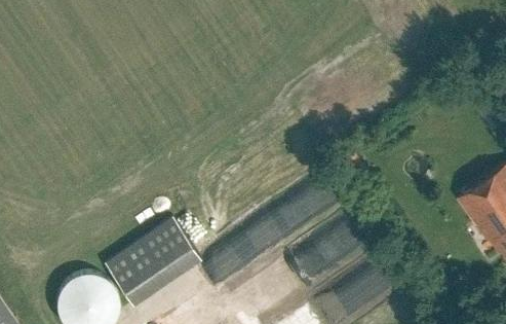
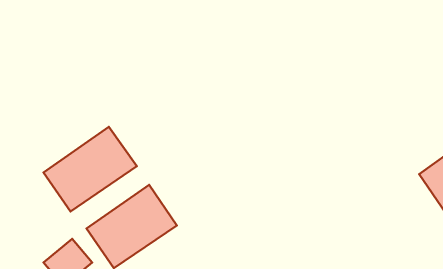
building: none -> [43,127,137,212]

